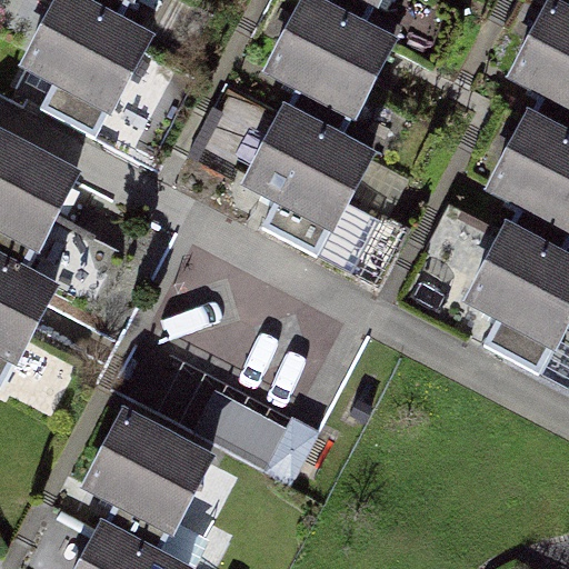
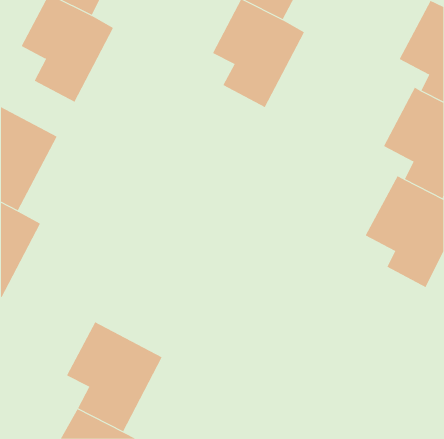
building: [248,109,368,249] -> none

